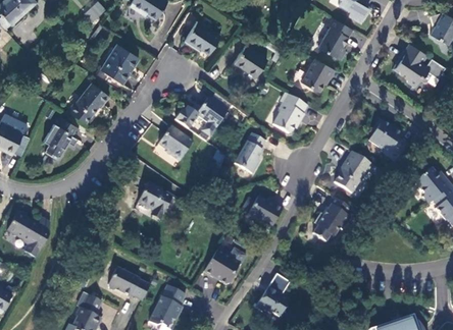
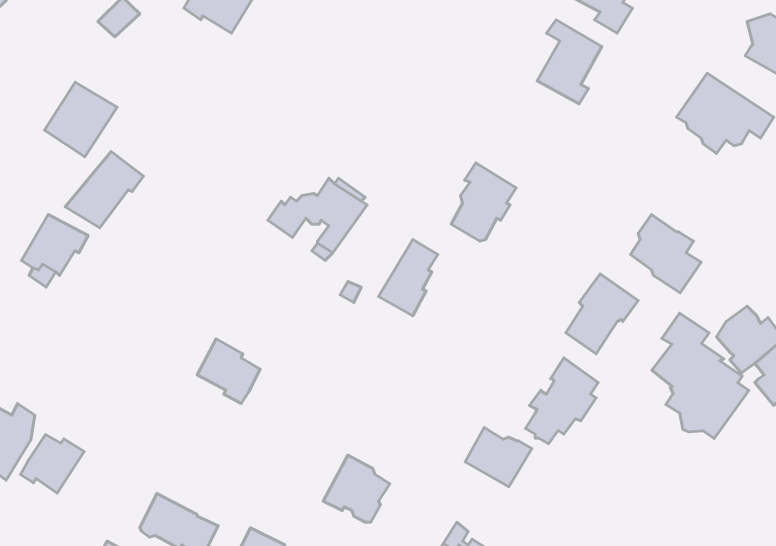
building: [184,22,220,56] -> none
building: [100,46,139,86] -> [45,82,117,157]
building: [234,47,266,78] -> none
building: [301,57,336,91] -> none
building: [158,127,193,163] -> none
building: none -> [652,313,749,438]
building: [247,195,283,226] -> [465,428,532,487]
building: none -> [20,434,84,493]

